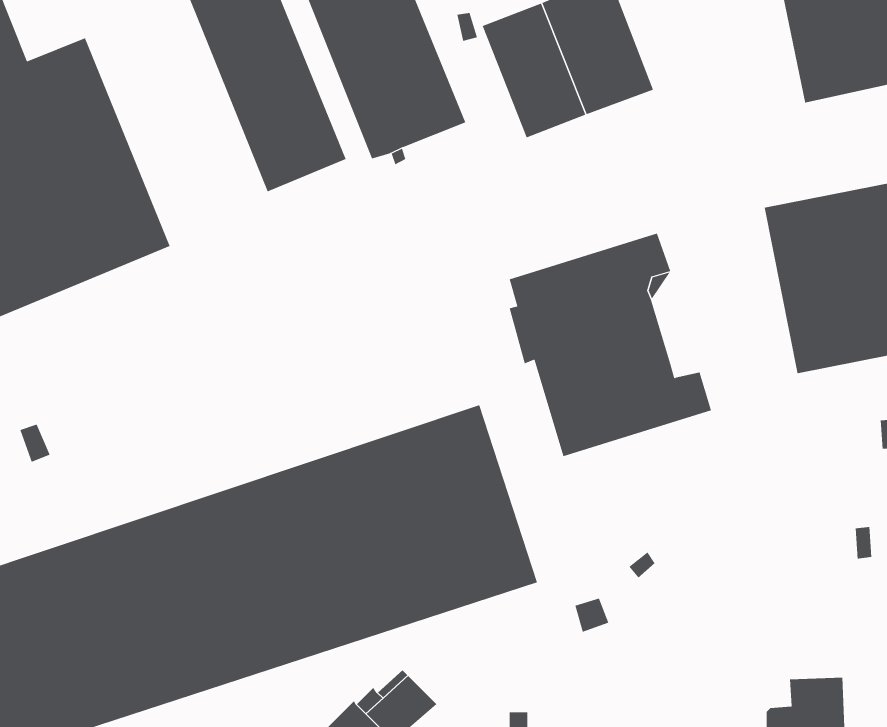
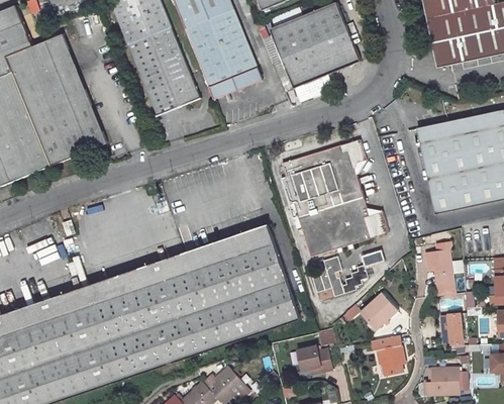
building: none -> [427,241,465,295]
building: none -> [311,247,387,294]
building: none -> [361,292,398,328]
building: none -> [440,312,464,345]
building: none -> [372,333,404,373]
building: none -> [297,345,331,371]

